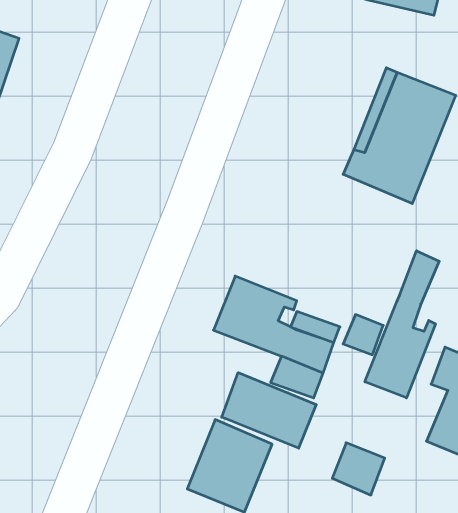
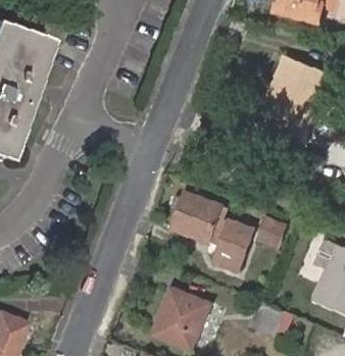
building: [365,251,439,398] -> none
building: [222,373,316,448] -> none

